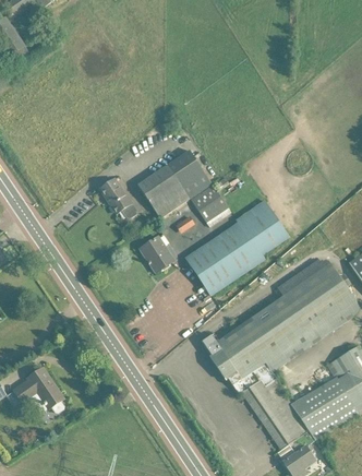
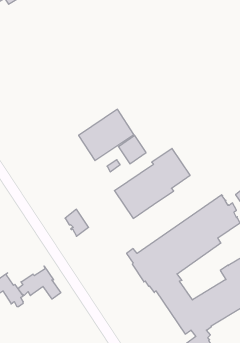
building: [100,177,138,216] -> none
building: [141,236,172,272] -> [65,209,89,236]
building: none -> [19,266,61,299]

